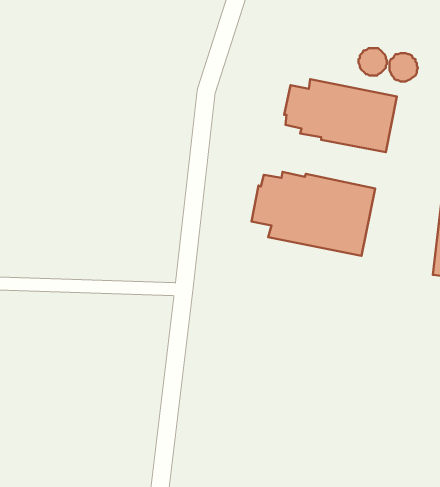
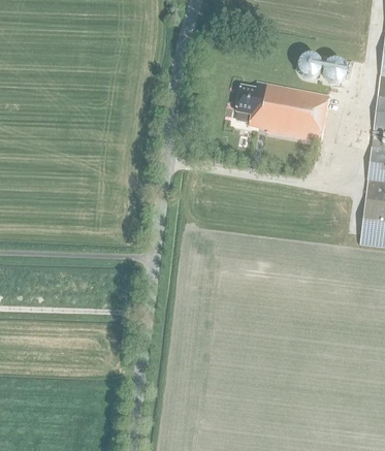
building: [251,172,375,256] -> none

